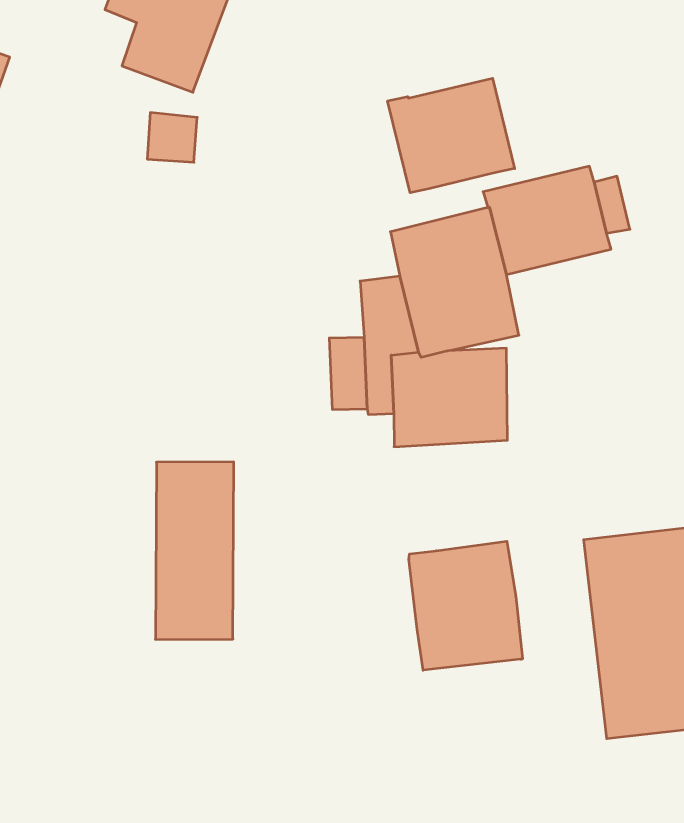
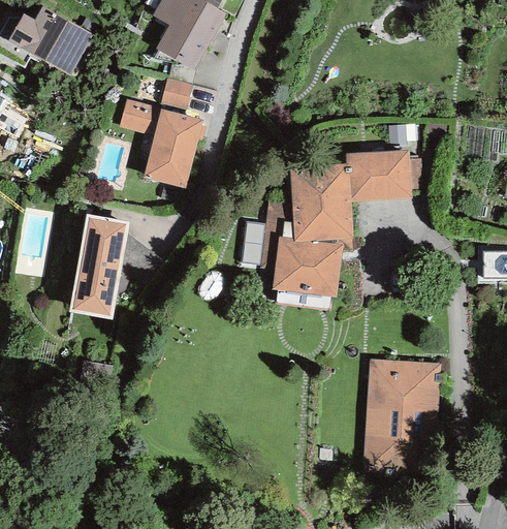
building: [388,78,515,193] -> none
building: none -> [119,98,205,188]
building: [155,462,234,639] -> [69,213,130,319]
building: [409,541,522,670] -> none

